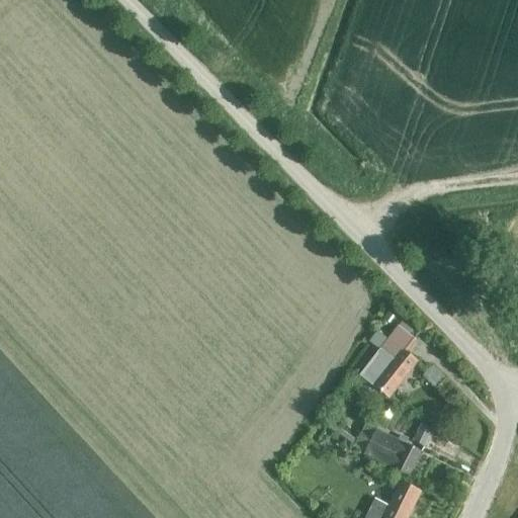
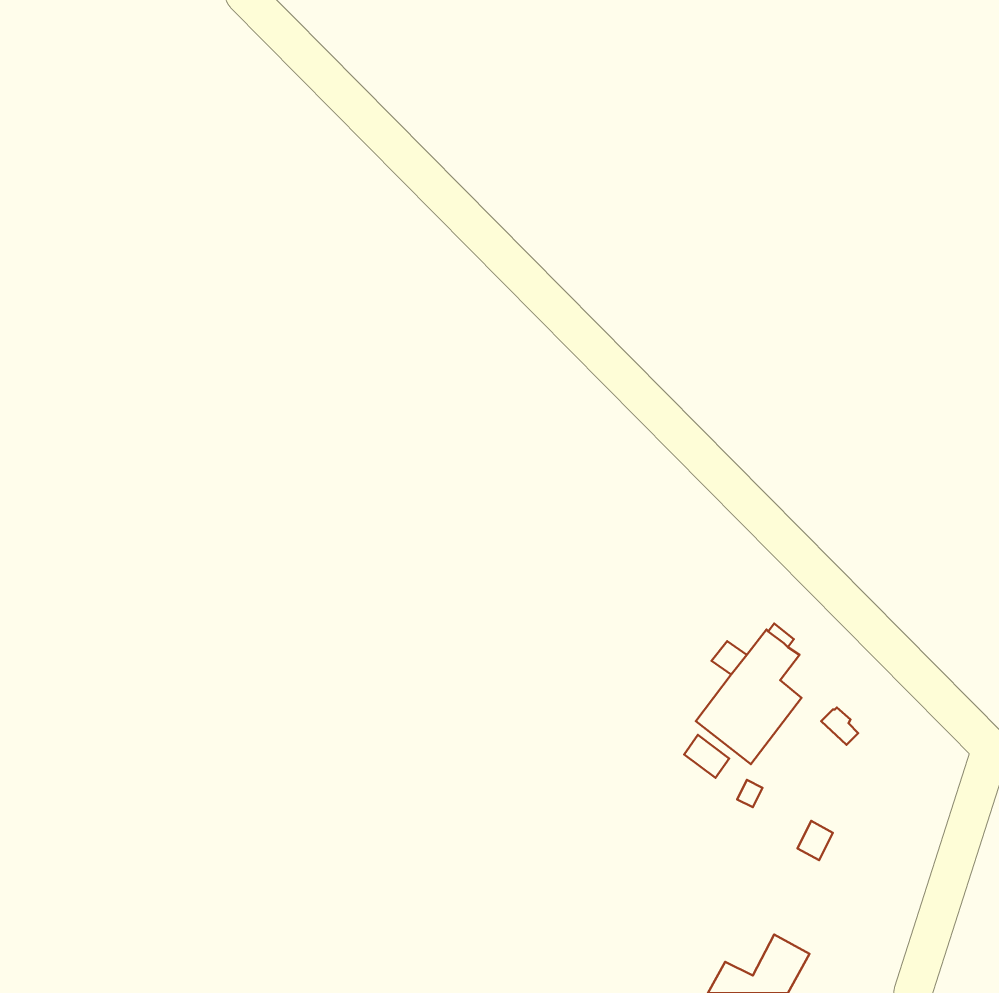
building: [364,428,421,474] -> none

